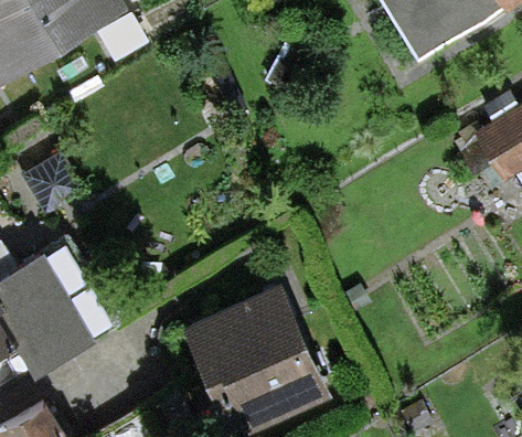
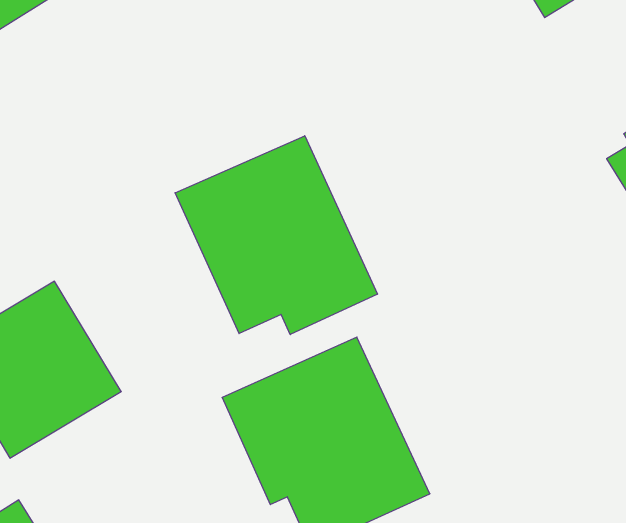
building: none -> [175,136,377,335]

